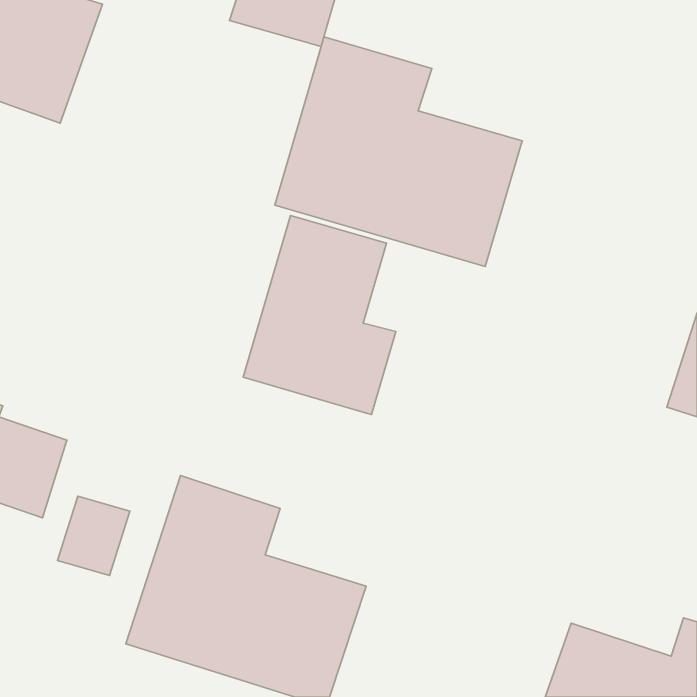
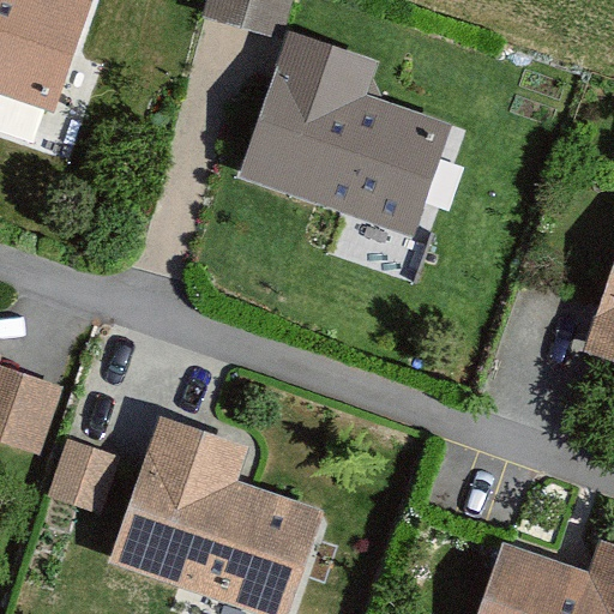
building: [243,215,396,415] -> none

